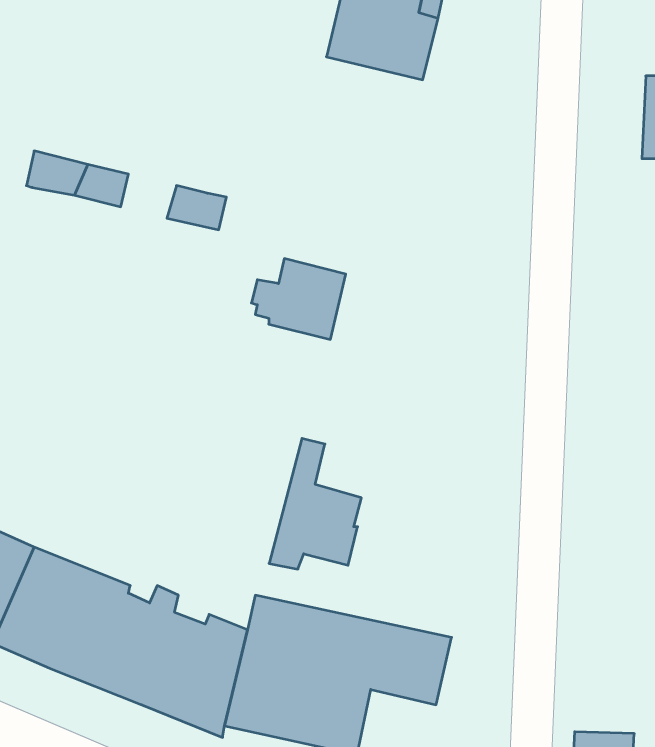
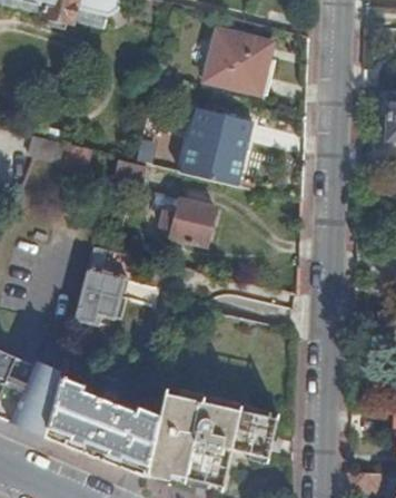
building: none -> [180,106,253,185]
building: [269,438,361,569] -> [75,243,128,319]

